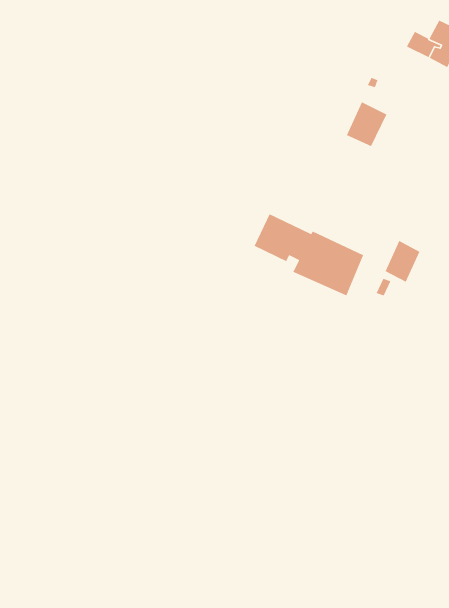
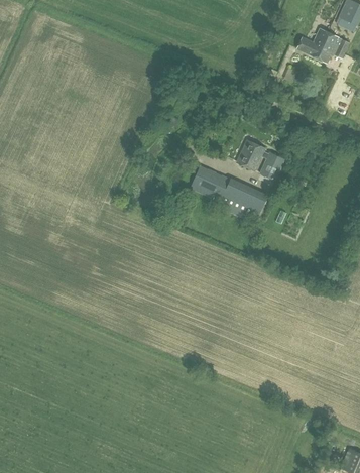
building: [346,101,387,147] -> [236,138,265,170]
building: [385,240,420,283] -> [259,150,284,181]

